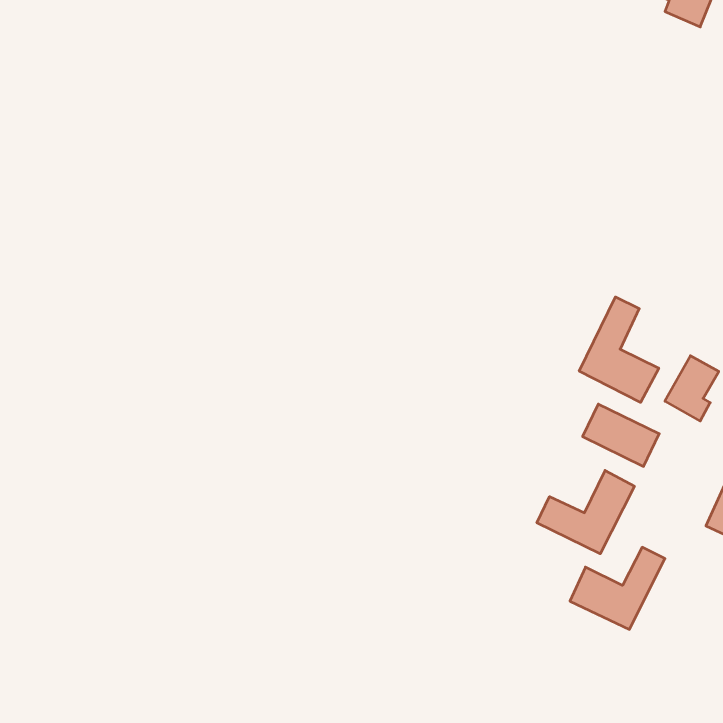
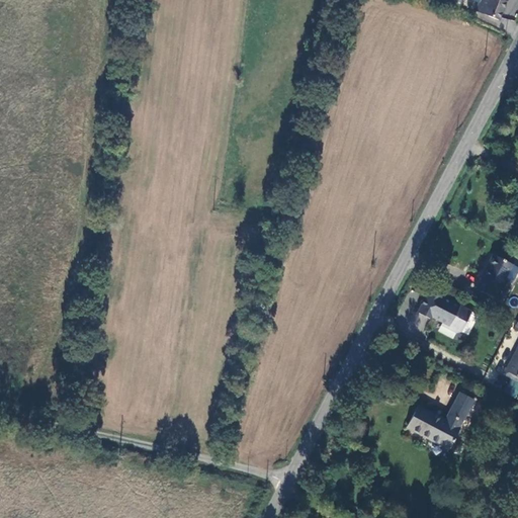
building: [579,297,659,402] -> none
building: [537,470,634,554] -> none

